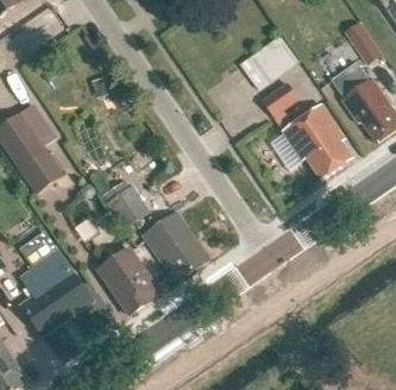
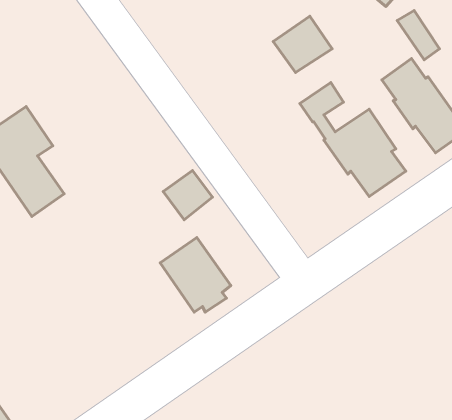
building: [108,187,150,228] -> [163,170,212,220]
building: [99,249,161,314] -> none
building: [19,250,93,335] -> none

